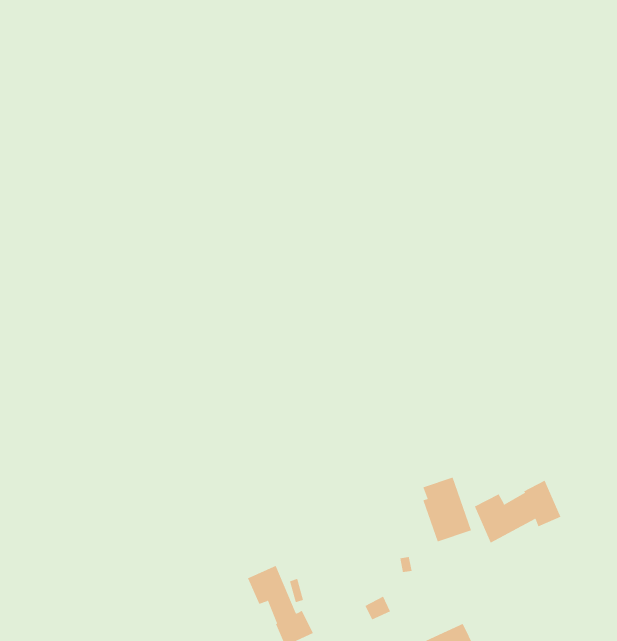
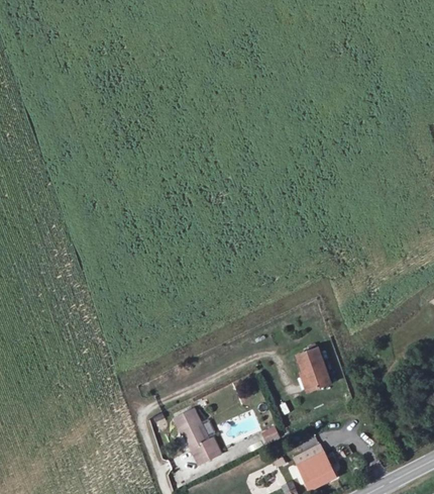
building: [474,480,561,544] -> none

